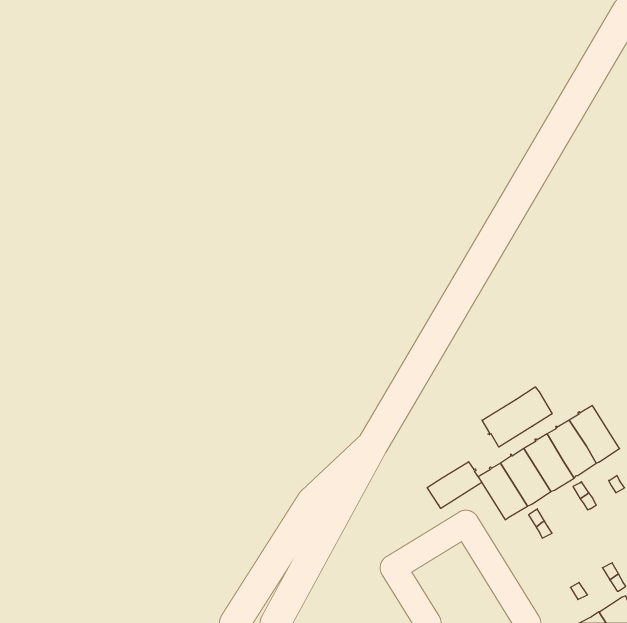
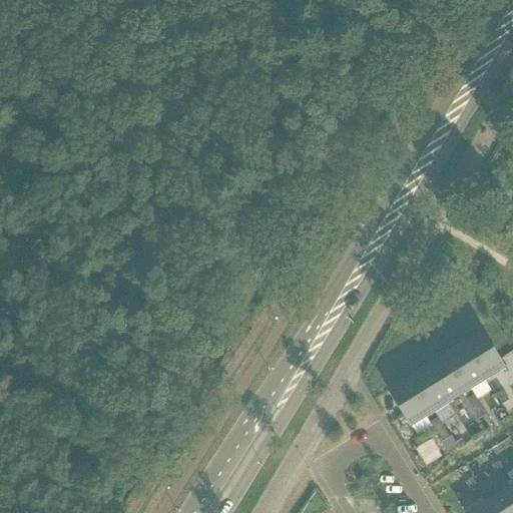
building: [482,387,552,447] -> none
building: [427,462,482,508] -> none

